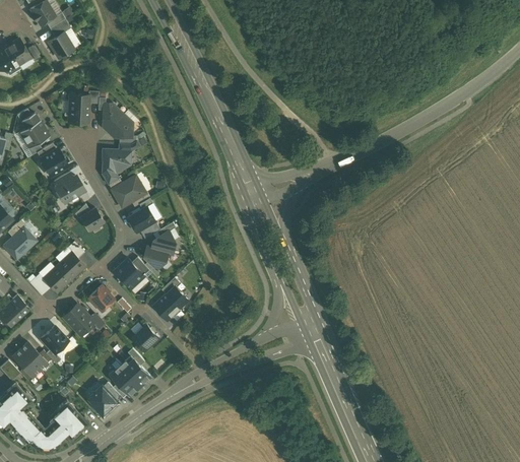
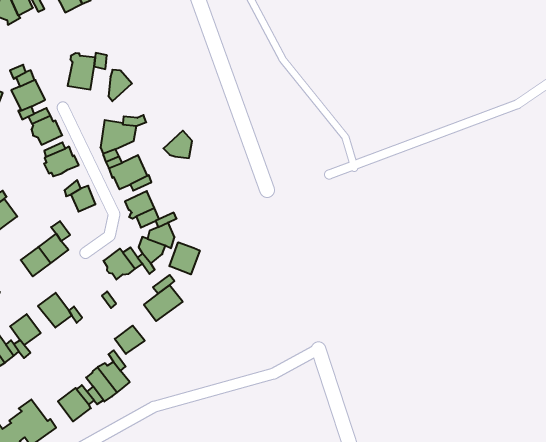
building: [108,114,132,137] -> [163,131,192,158]
building: none -> [169,242,200,274]
building: [87,284,114,312] -> none

